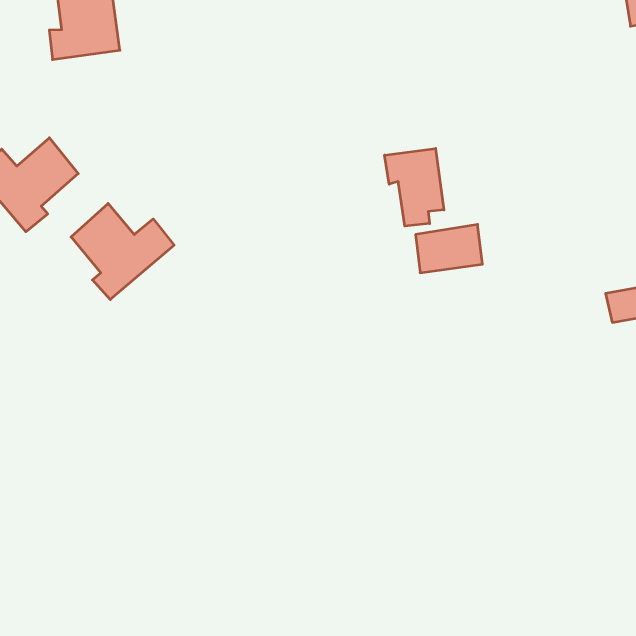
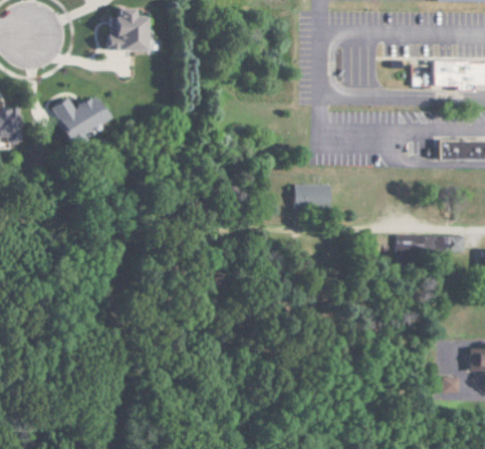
building: [385,148,444,226] -> none
building: [71,203,174,300] -> none

